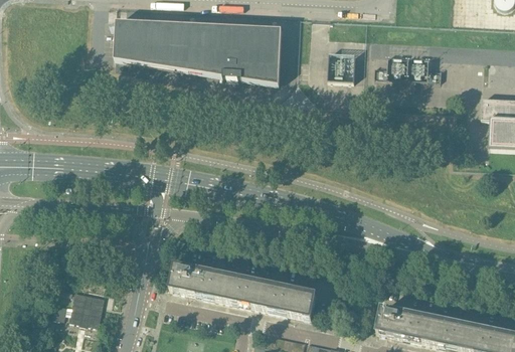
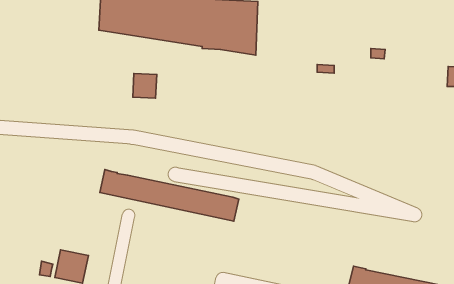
building: none -> [133,74,157,98]
building: [170,265,316,319] -> [100,170,239,221]

